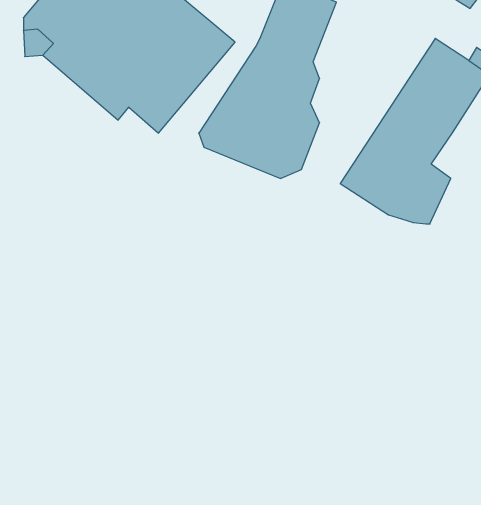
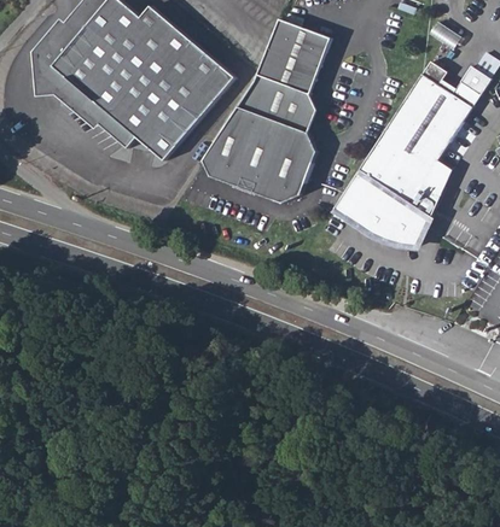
building: none -> [418,159,452,203]

